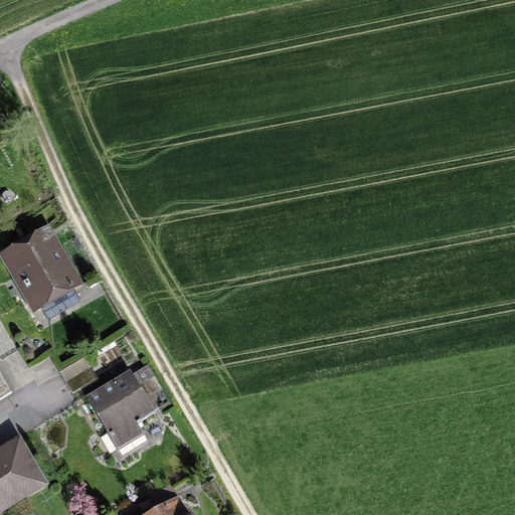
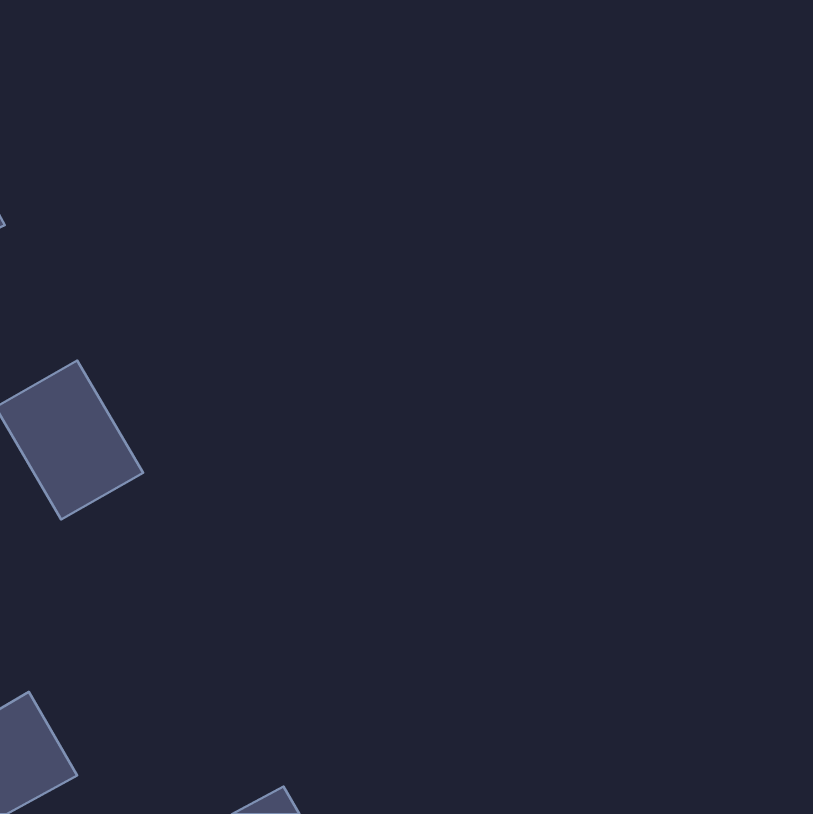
building: [80,365,157,459] -> none

